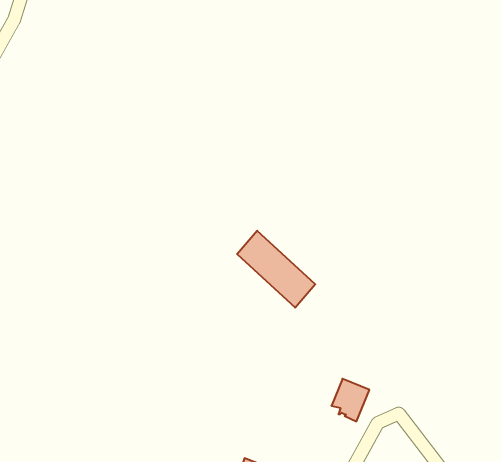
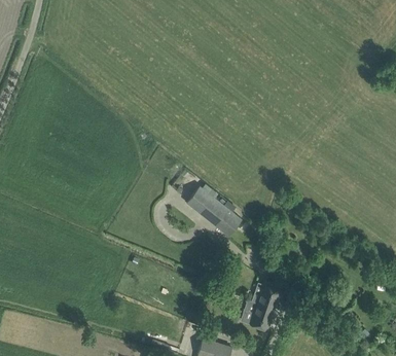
building: none -> [248,299,274,330]

